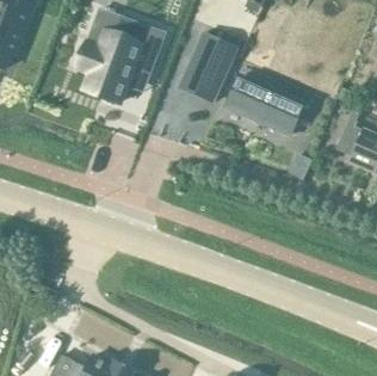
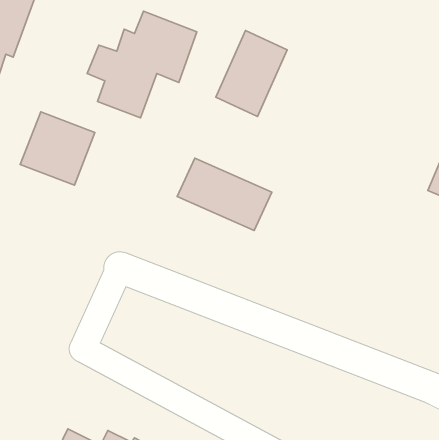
building: [225,75,302,134] -> [177,158,272,231]
building: none -> [20,112,95,185]

